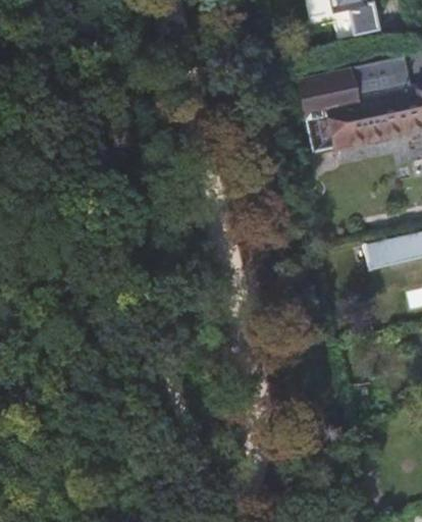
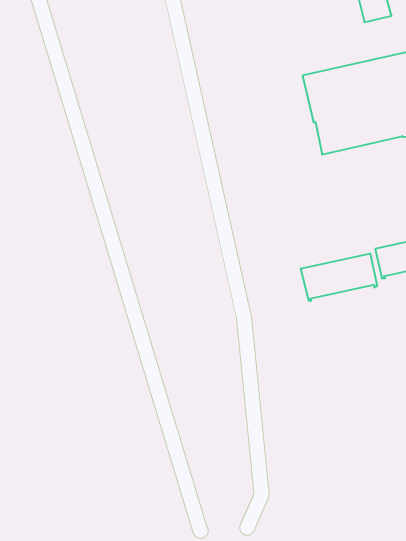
building: none -> [301,253,377,301]

